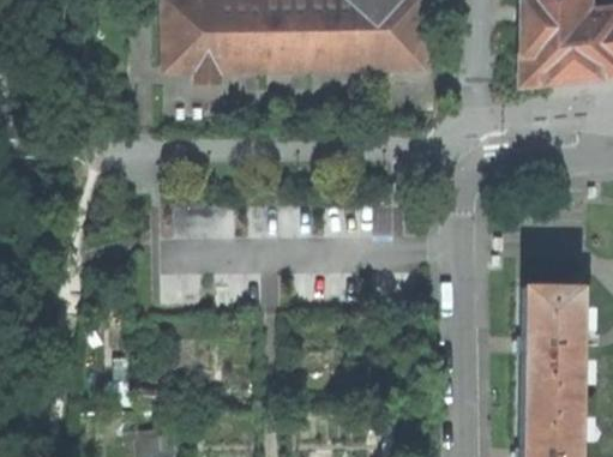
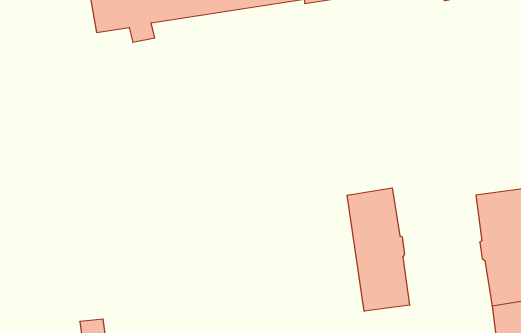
building: none -> [347,188,409,311]

